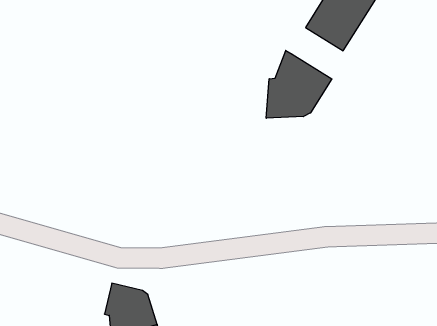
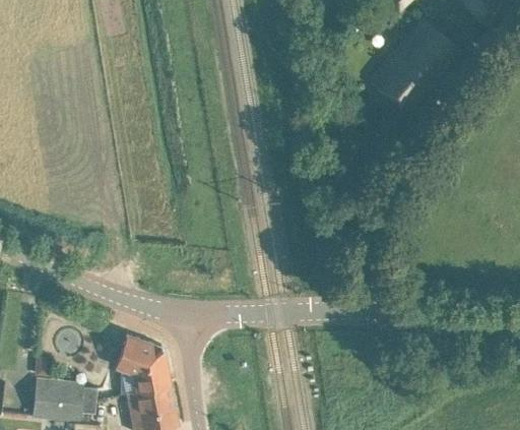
building: [266,50,332,118] -> none

